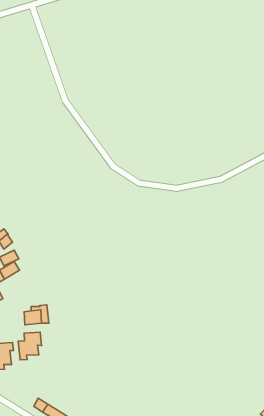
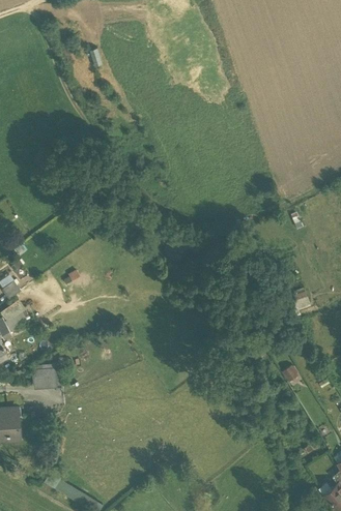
building: [18,332,41,360] -> none

